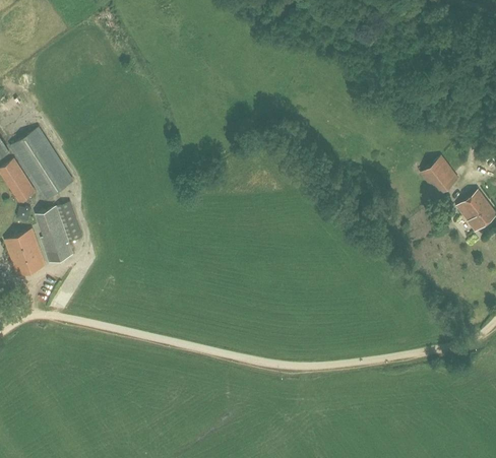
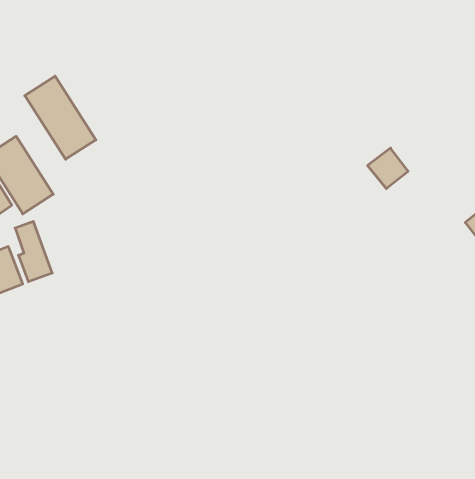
building: none -> [25,76,96,159]
building: [420,157,457,195] -> [368,148,408,189]

